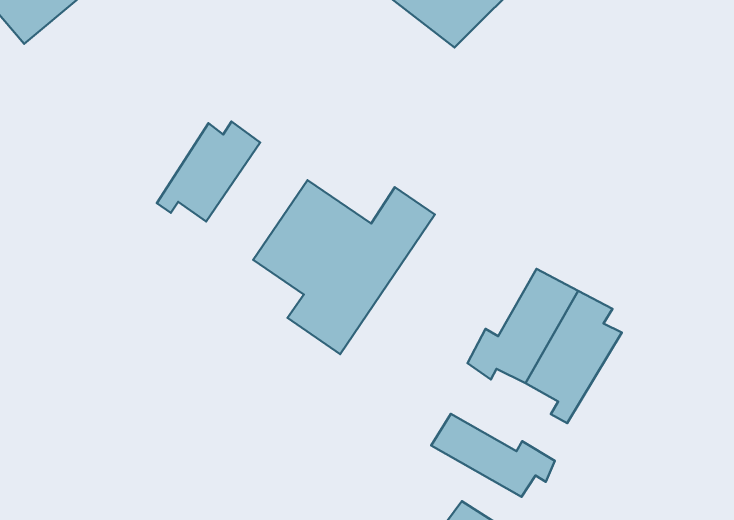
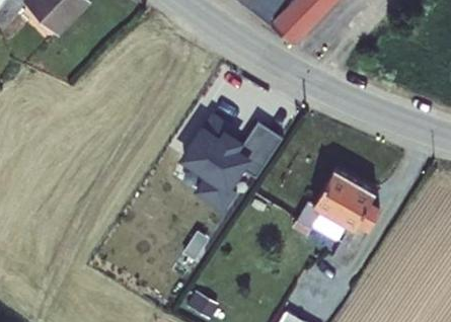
building: [157,121,260,221] -> none
building: [431,414,555,497] -> none

